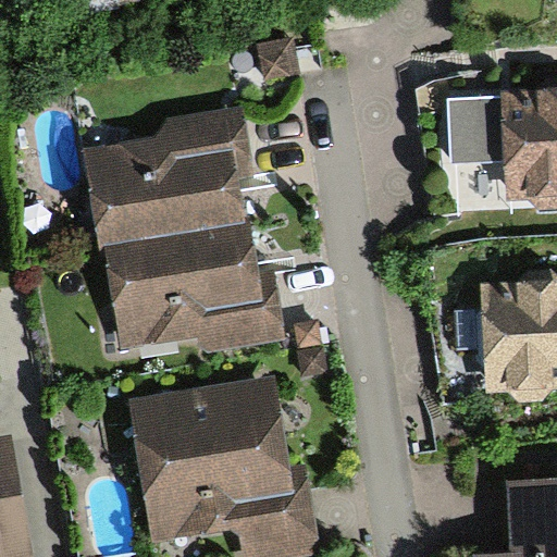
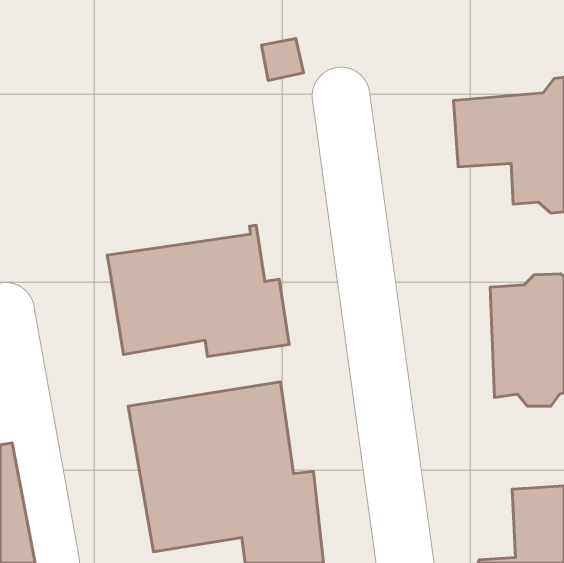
building: [85,111,256,263] -> none

